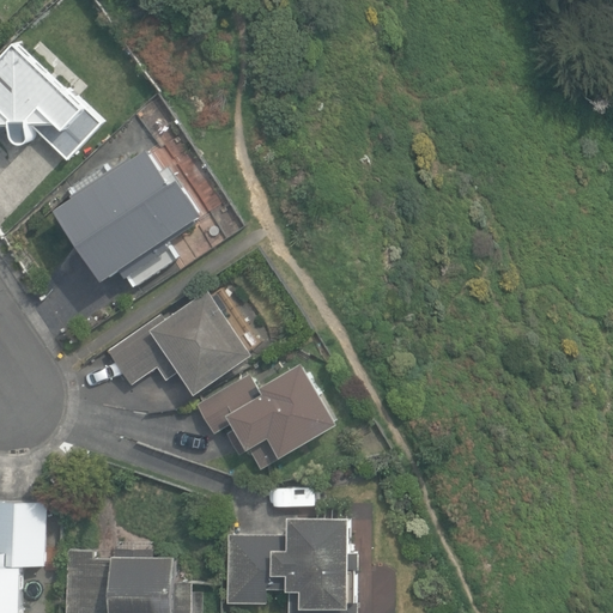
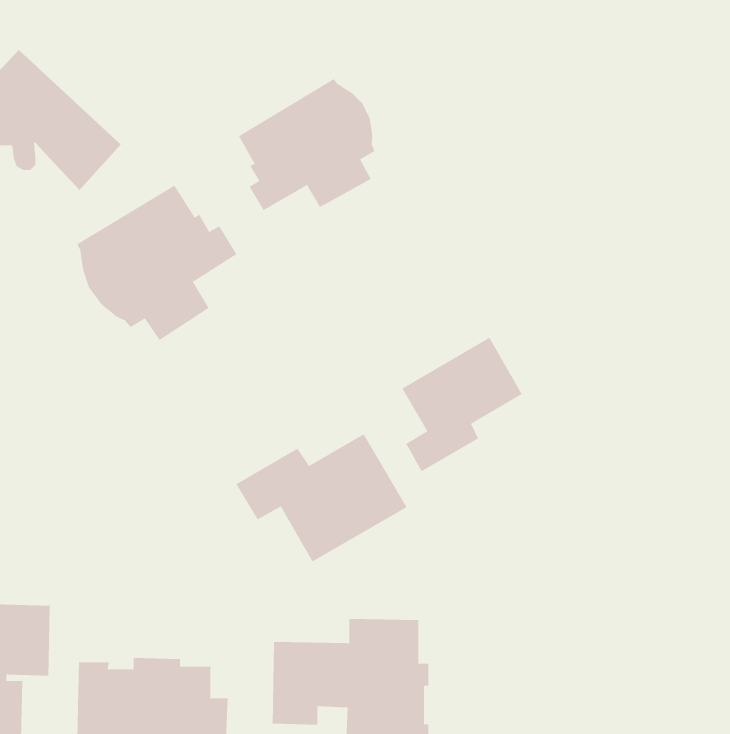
building: none -> [238,78,375,211]
building: none -> [402,337,522,472]
building: [107,290,253,394] -> none

